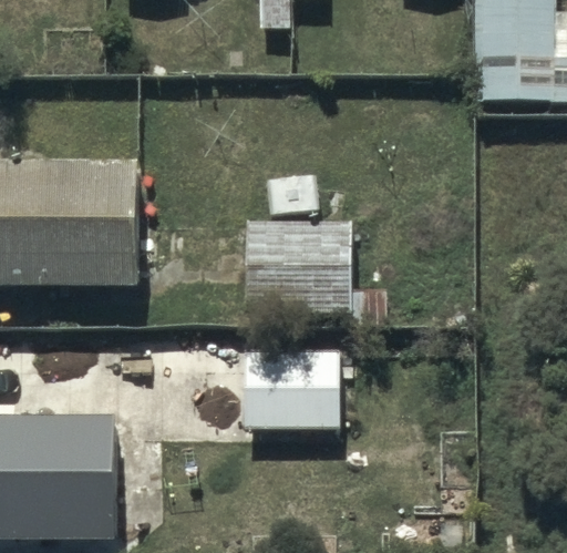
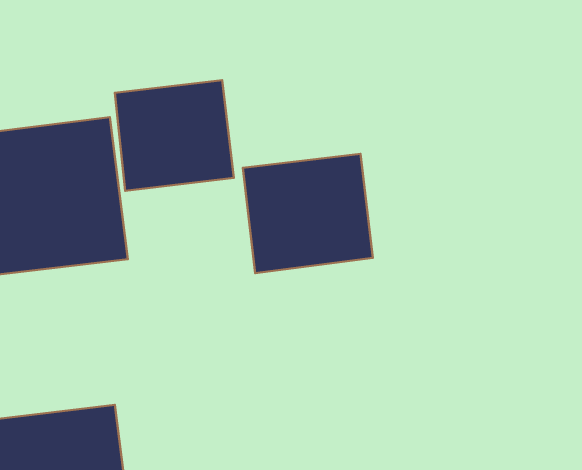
building: none -> [115,80,234,191]
building: [246,350,340,430] -> none

